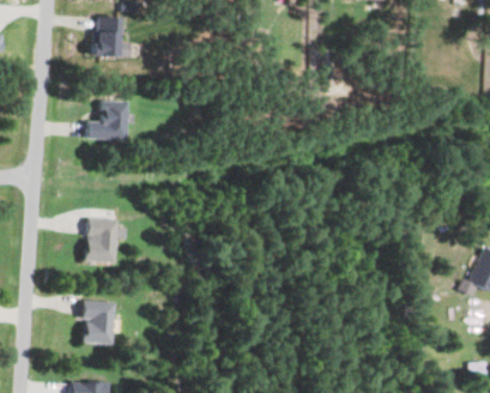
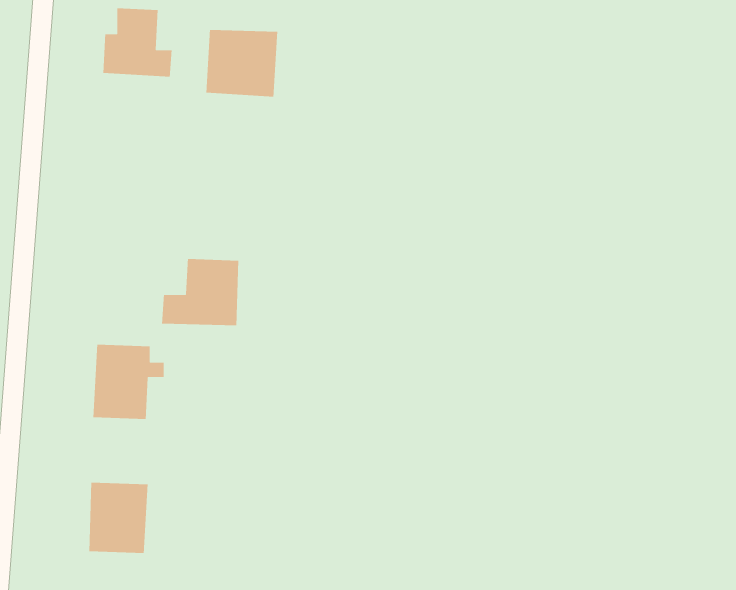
building: none -> [205,29,278,98]
building: [85,101,132,141] -> [161,258,239,326]

